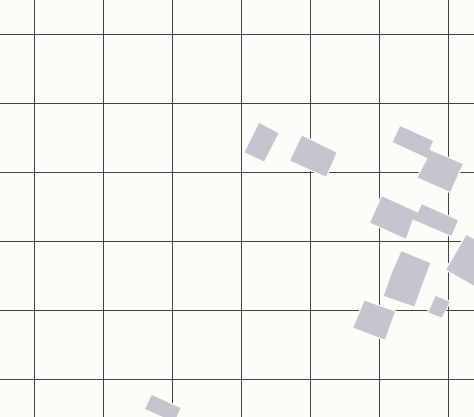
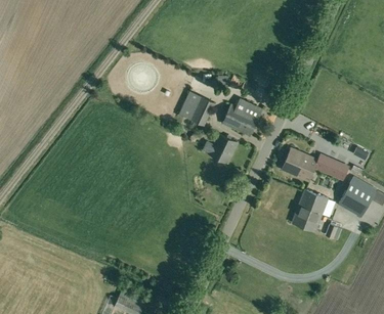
building: [392,125,463,193] -> none
building: none -> [209,134,238,165]
building: [353,300,396,340] -> none

